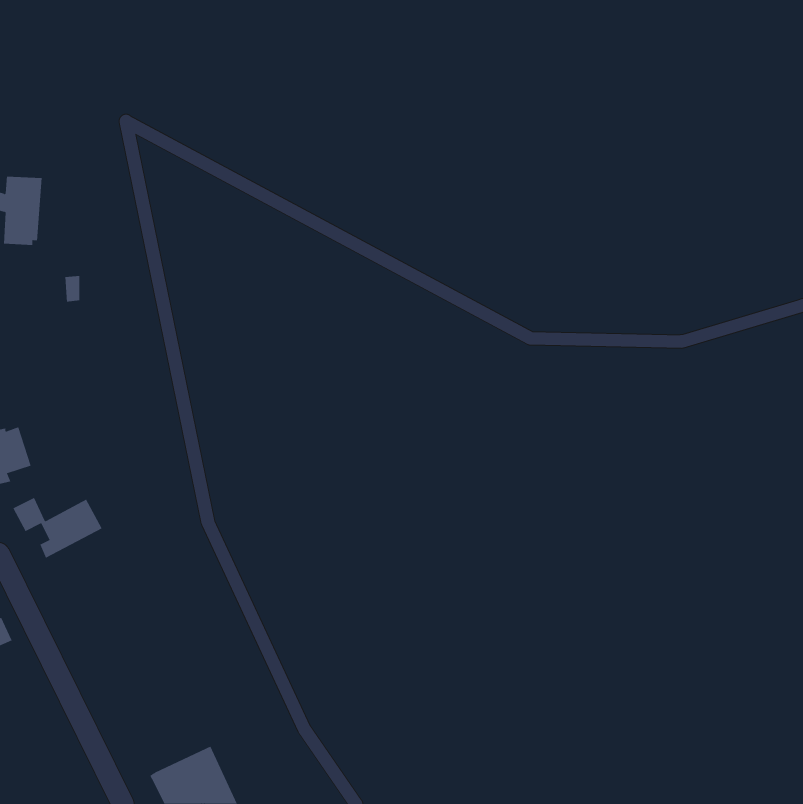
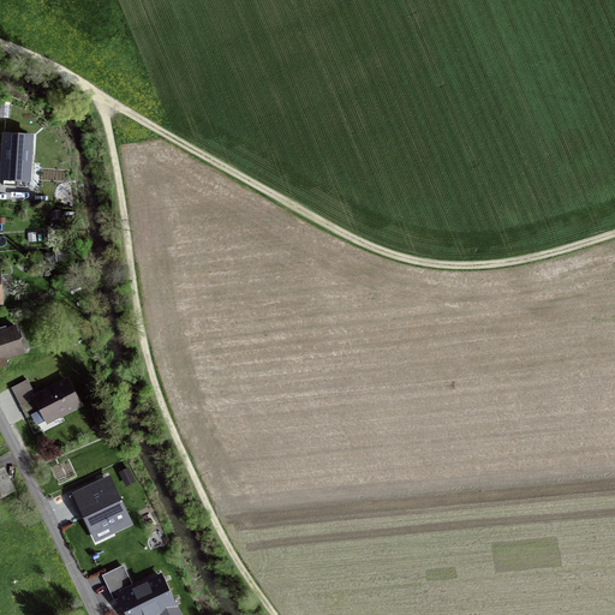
building: none -> [70,478,130,539]
building: none -> [101,563,131,598]

